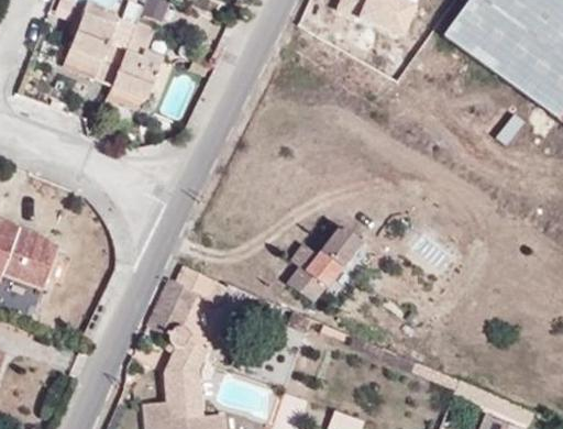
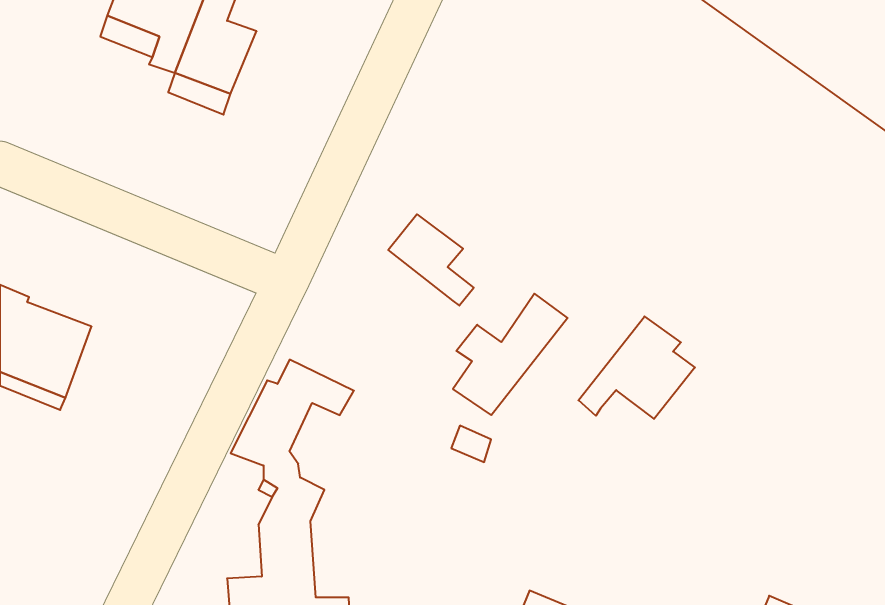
building: none -> [388,214,474,306]
building: none -> [578,316,695,419]

